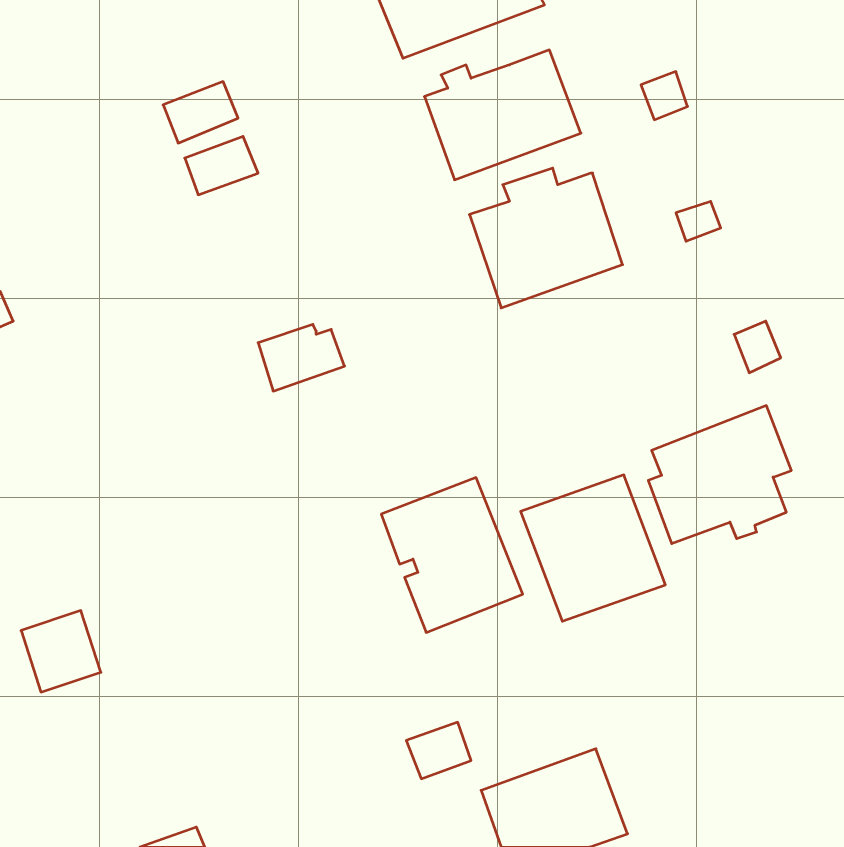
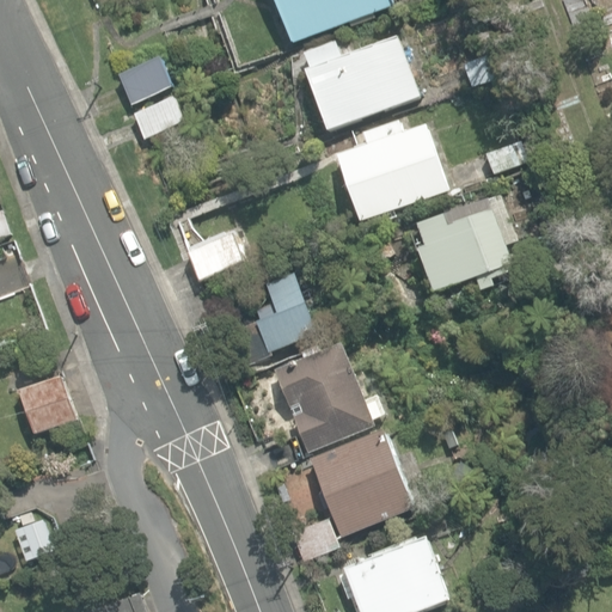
building: none -> [253,273,318,353]
building: [648,406,791,544] -> [414,192,516,292]
building: [521,475,665,621] -> [310,430,414,536]
building: [21,611,101,692] -> [18,374,75,433]

